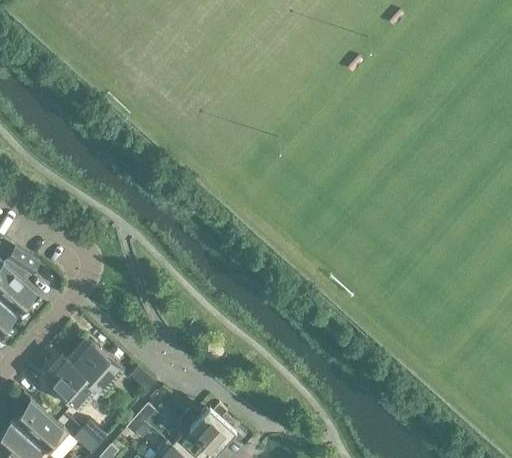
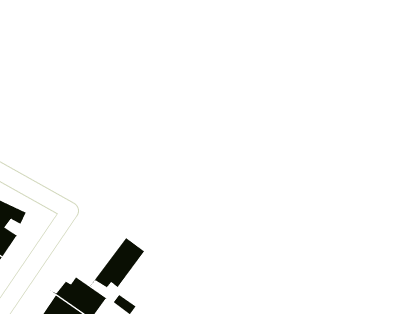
building: none -> [90,237,146,294]

